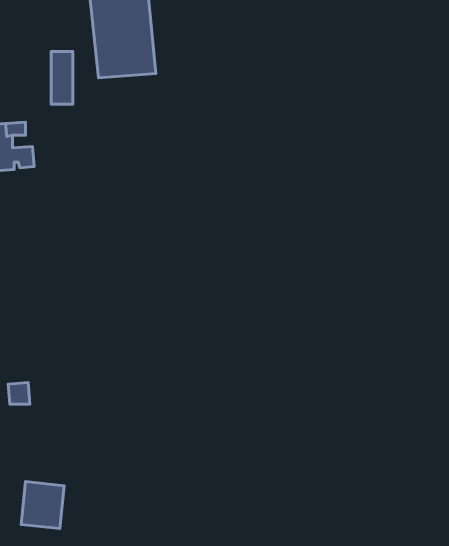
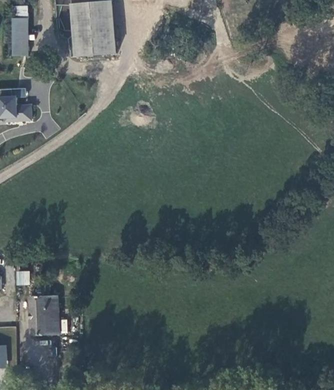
building: [51,51,73,104] -> [12,18,27,55]
building: none -> [29,295,58,335]

